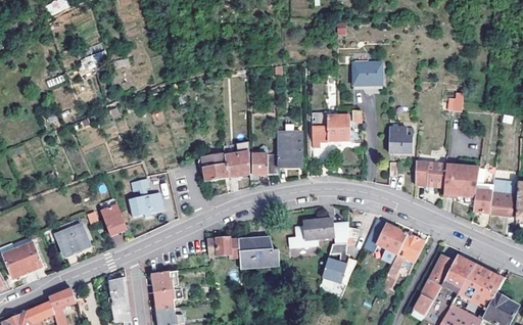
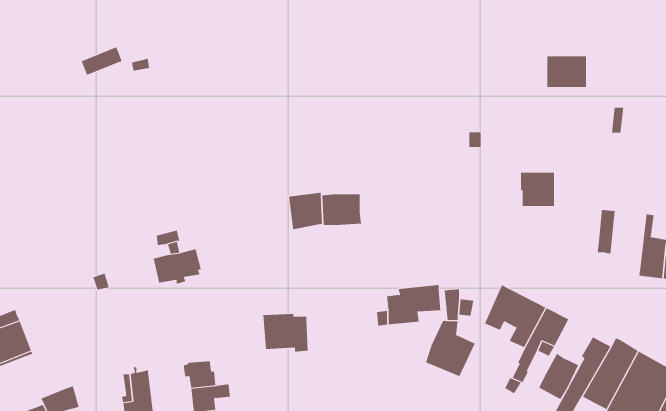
building: [353,60,382,83] -> [547,56,587,88]
building: [312,110,349,145] -> none
building: [276,130,301,166] -> none
building: [199,154,228,181] -> none
building: [416,159,446,186] -> none
building: [454,165,478,203] -> none
building: [99,196,127,234] -> none
building: [56,220,90,256] -> none
building: [238,237,278,274] -> none
building: none -> [538,353,579,400]

